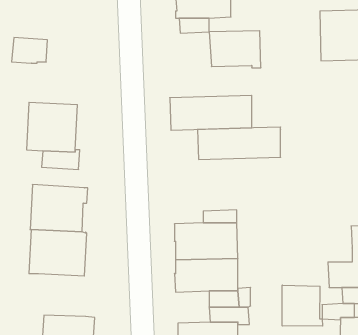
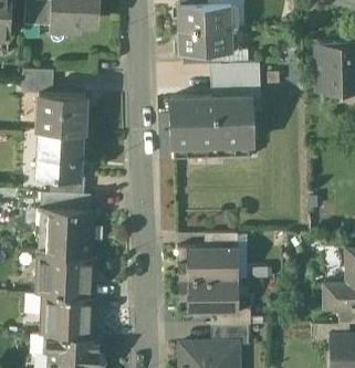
building: none -> [38,92,86,133]
building: [197,127,281,159] -> [171,95,251,126]
building: none -> [41,192,92,212]
building: none -> [44,294,94,335]
building: [282,285,322,326] -> none

